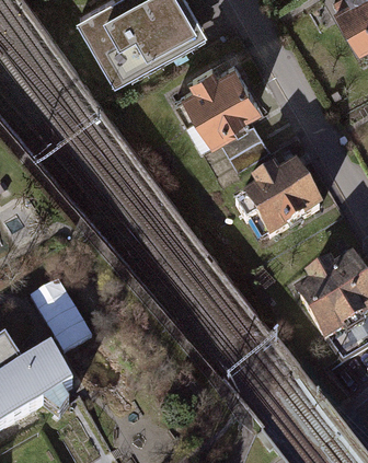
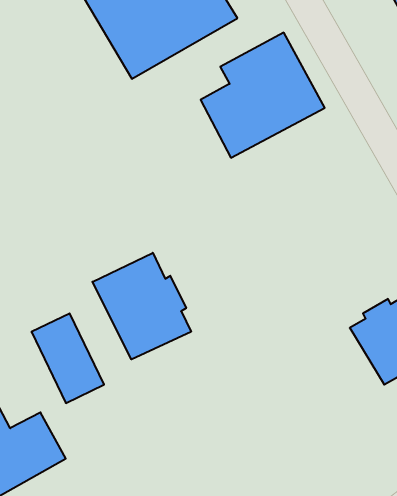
building: [227,120,272,163] -> none
building: [234,163,317,240] -> none
building: none -> [92,253,191,359]

